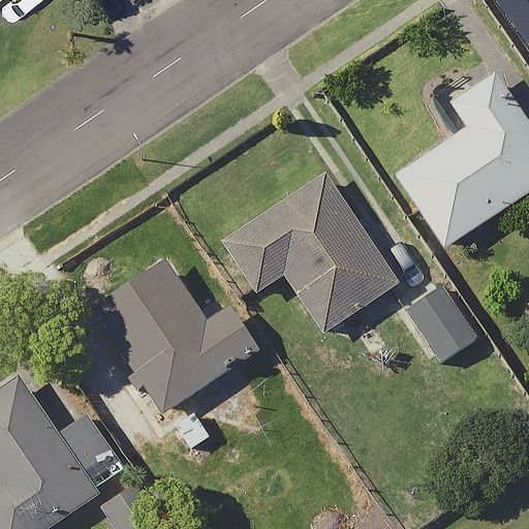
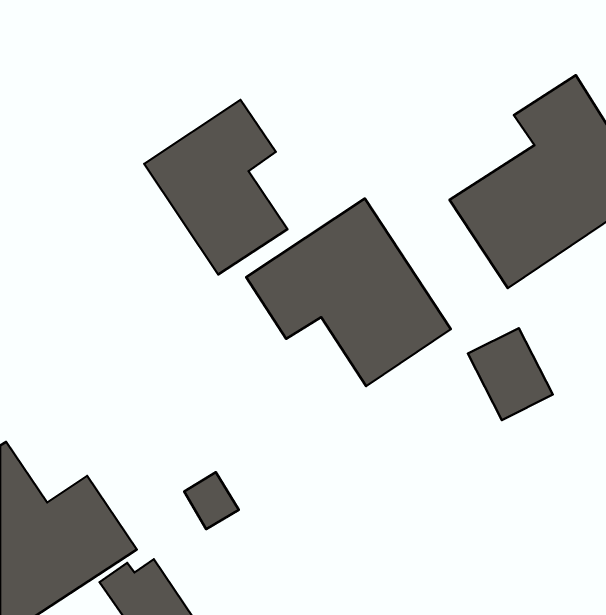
building: none -> [144,100,288,274]
building: [93,261,259,414] -> none

